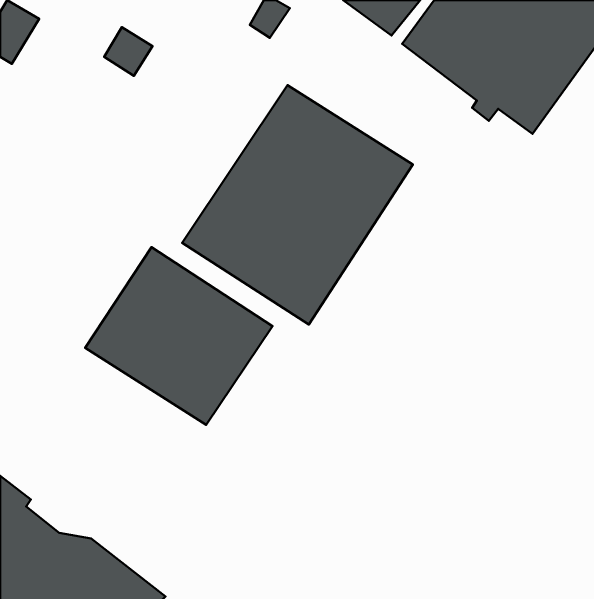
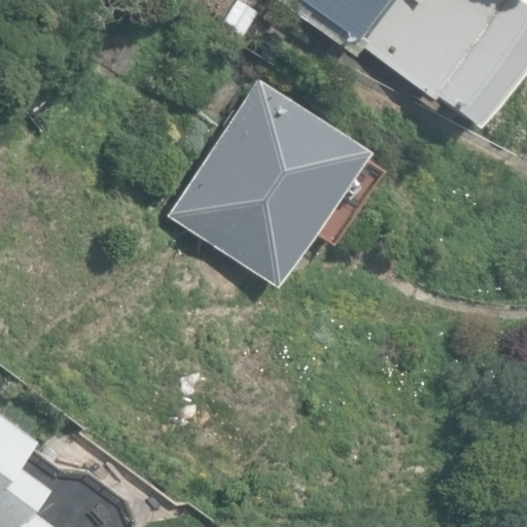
building: [85,247,272,425] -> none

